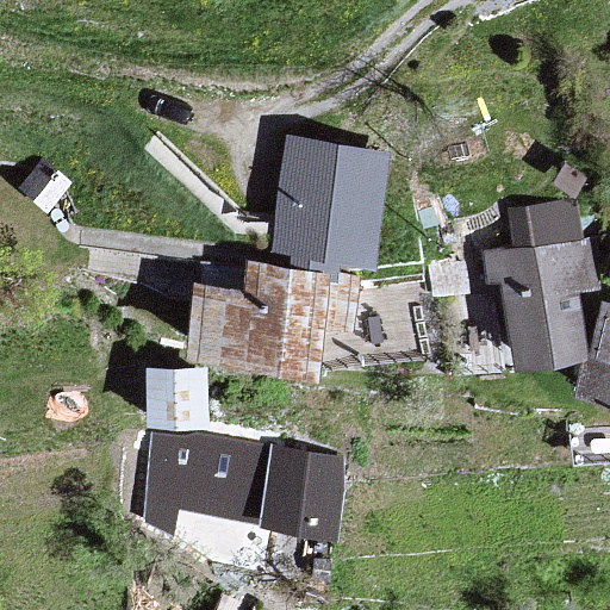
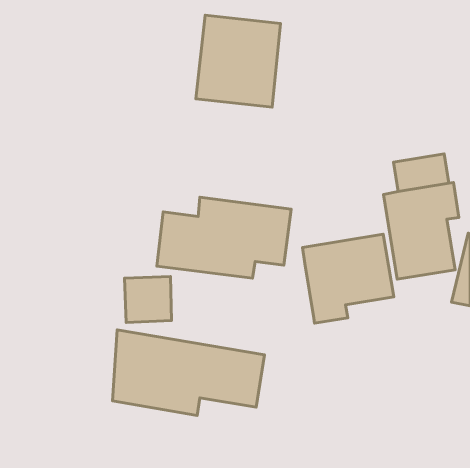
building: [274,141,384,260] -> [196,15,281,107]
building: none -> [303,234,394,323]

